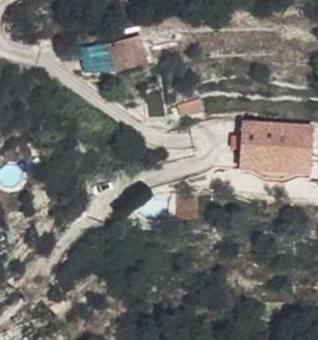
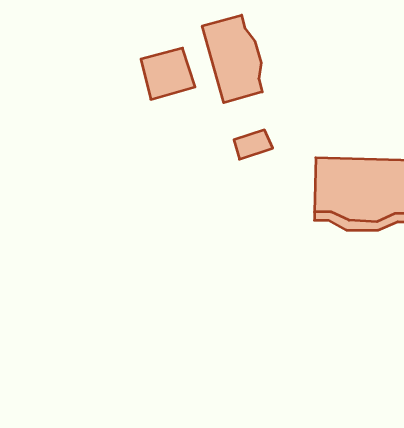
building: none -> [202,15,262,103]

